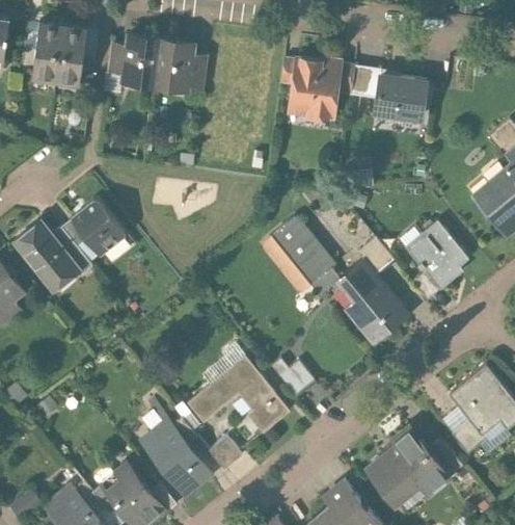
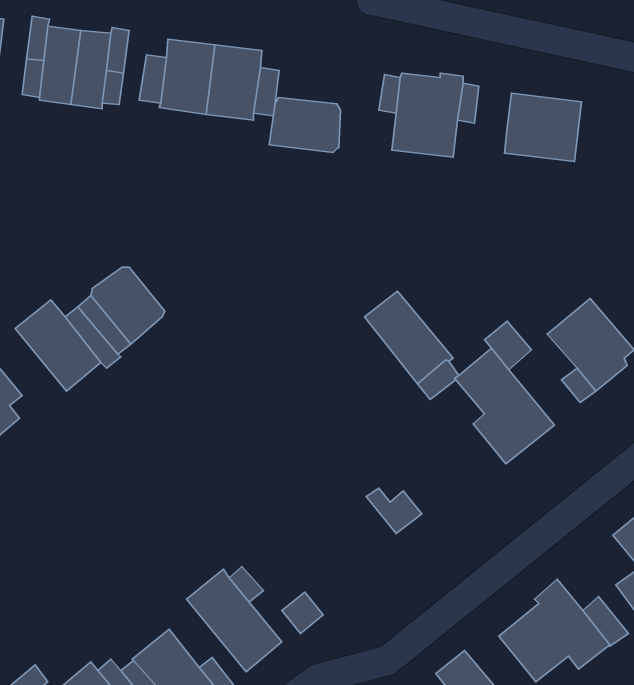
building: [350,68,378,98] -> none
building: none -> [269,97,341,153]
building: [187,356,289,432] -> none

